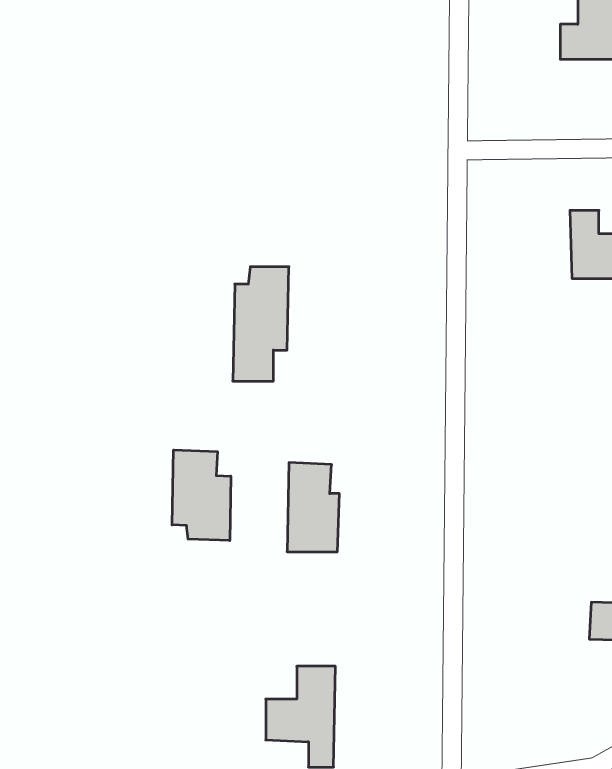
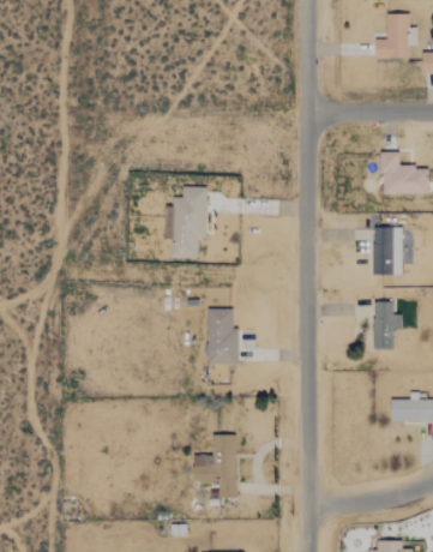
building: none -> [373,228,402,275]
building: none -> [373,300,402,349]
building: [172,450,231,541] -> none

